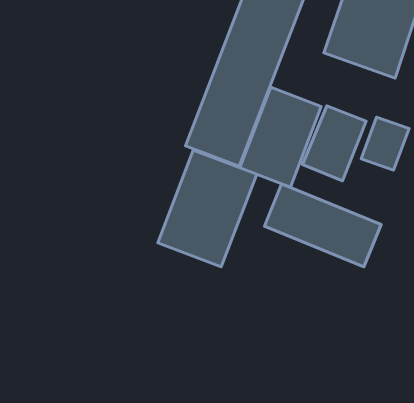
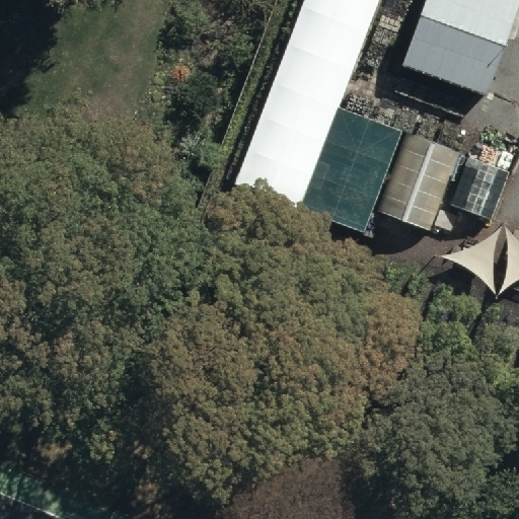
building: [158,150,257,267] -> none
building: [264,184,381,267] -> none

